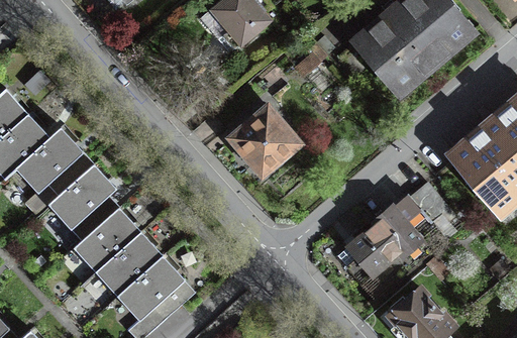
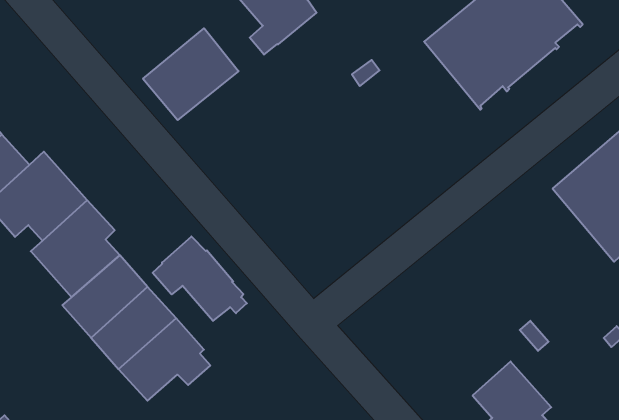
building: none -> [143,28,239,120]
building: [232,110,297,174] -> none
building: [337,186,454,302] -> none
building: none -> [153,236,247,321]

